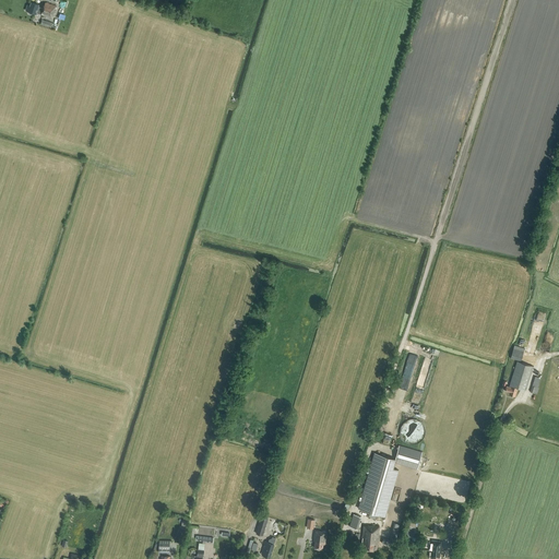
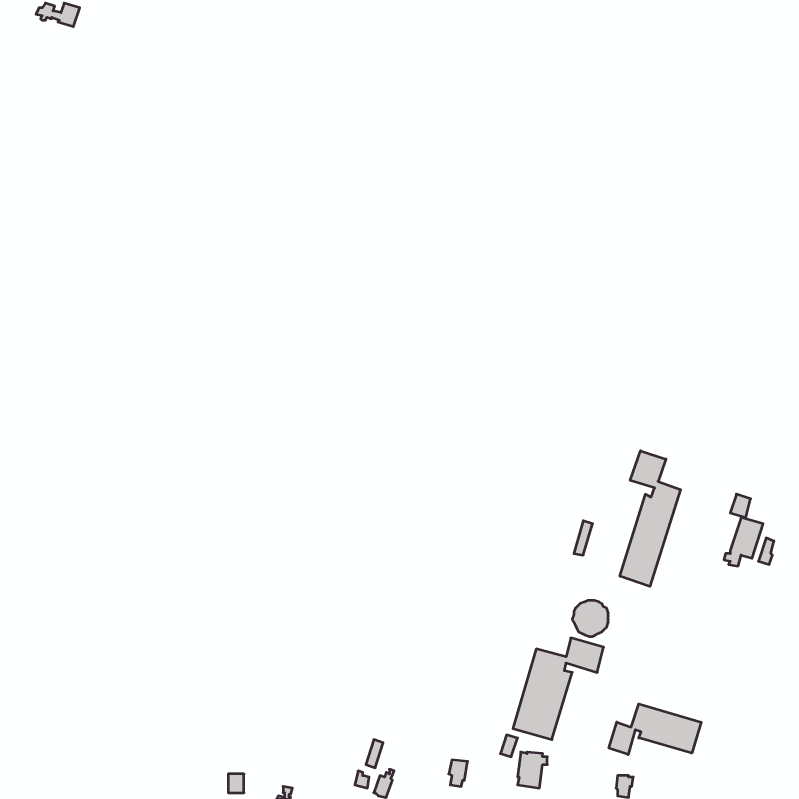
building: none -> [620,451,681,586]
building: none -> [609,704,701,755]

